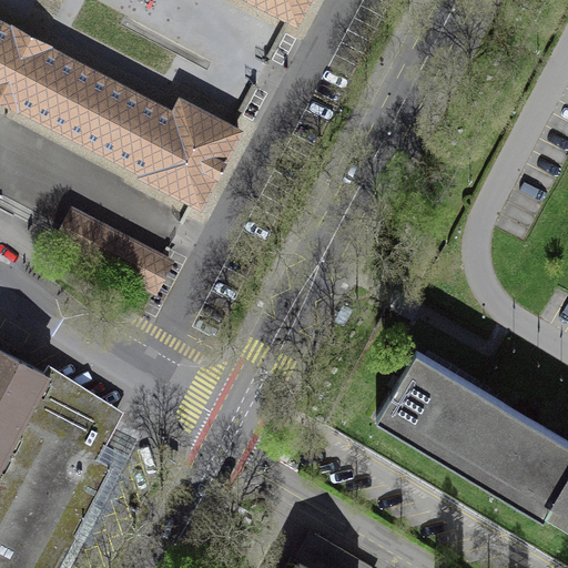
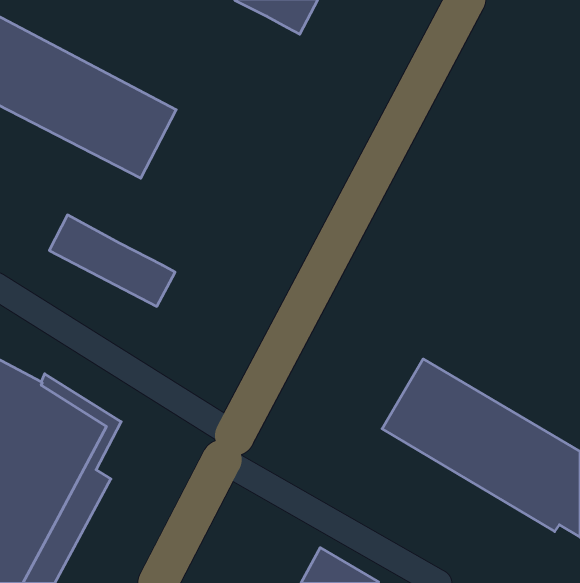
building: [134,92,243,211] -> none

